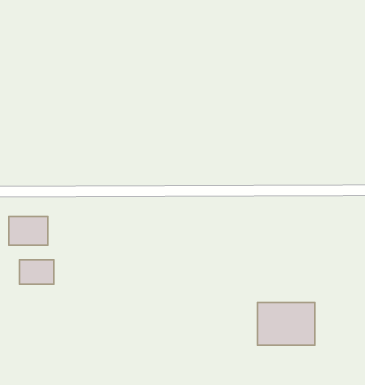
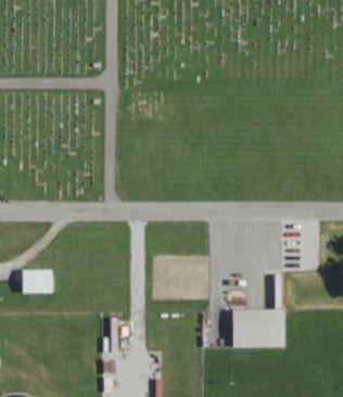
building: [9,216,48,245] -> none

